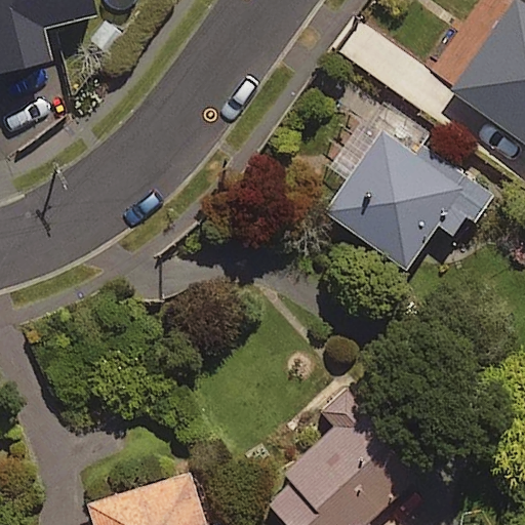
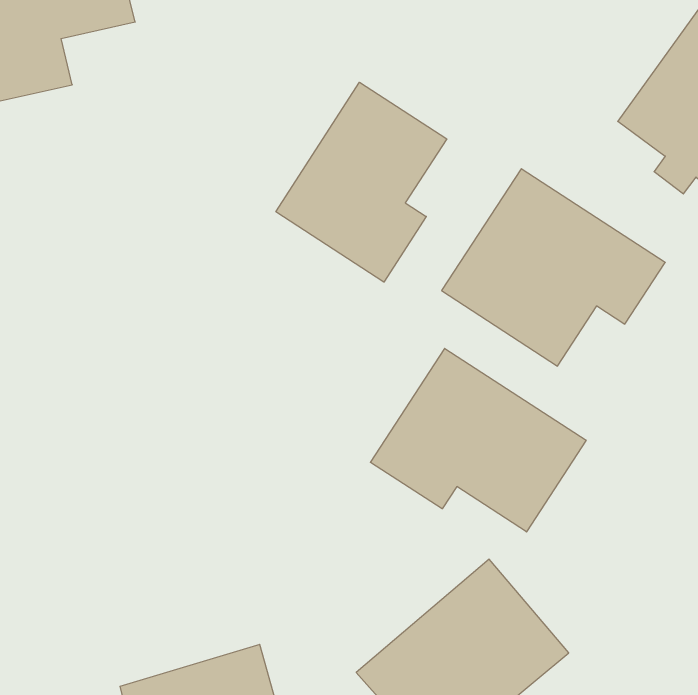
building: none -> [276,82,447,282]
building: none -> [370,348,586,532]

